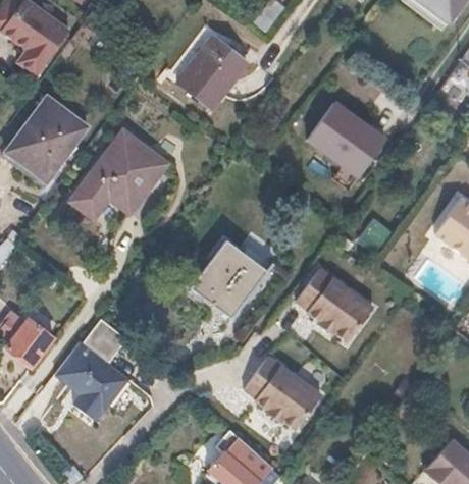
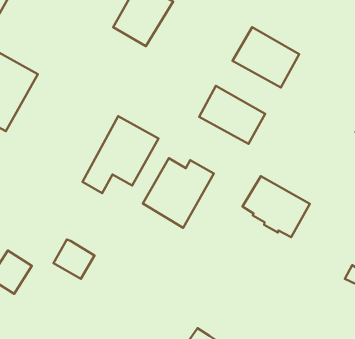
building: [76,130,167,214] -> [82,116,158,193]
building: none -> [199,86,265,144]
building: [55,338,127,416] -> none
building: [246,357,321,429] -> none

